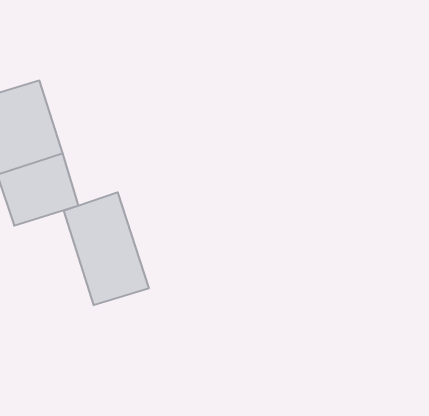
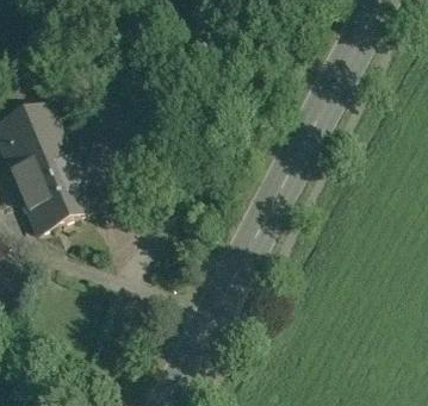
building: [64,192,149,305] -> none

